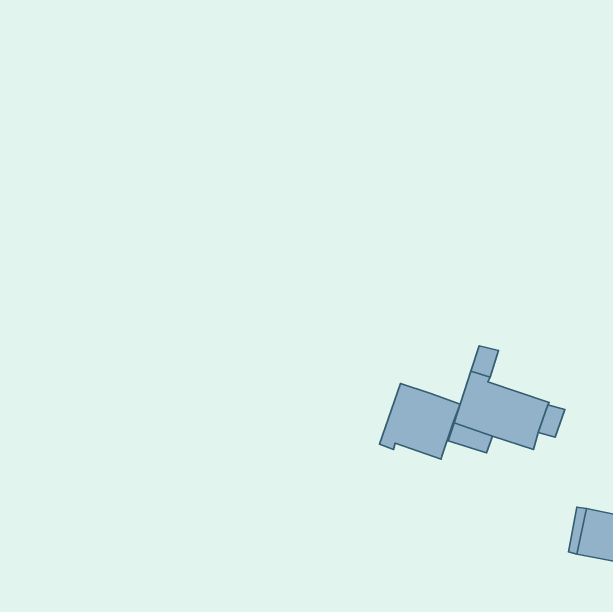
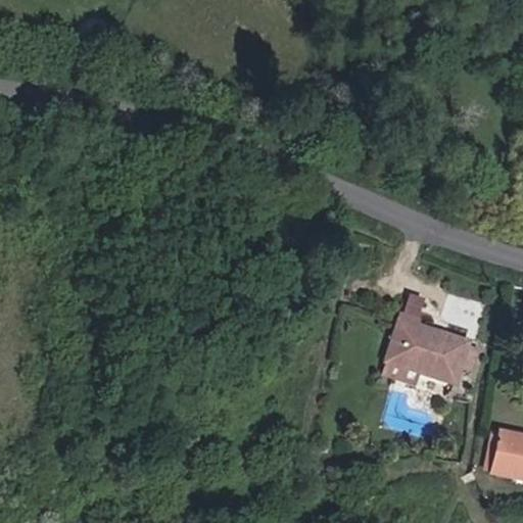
building: [379,384,460,459] -> none

